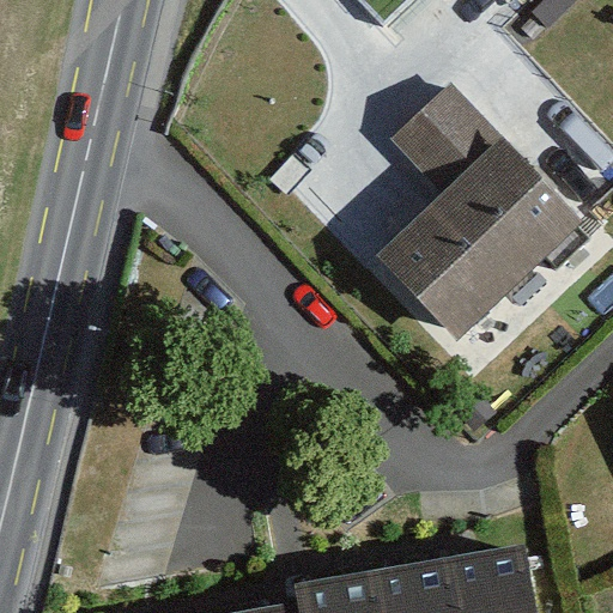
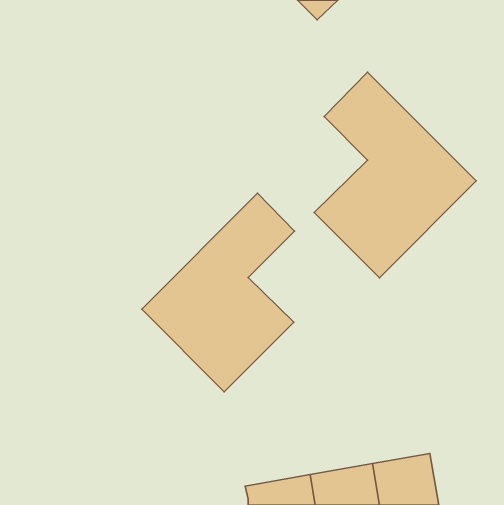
building: none -> [142,193,294,392]

